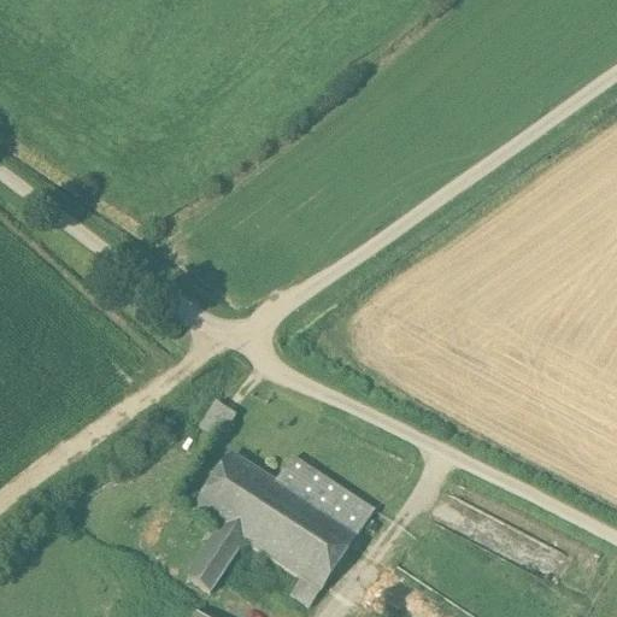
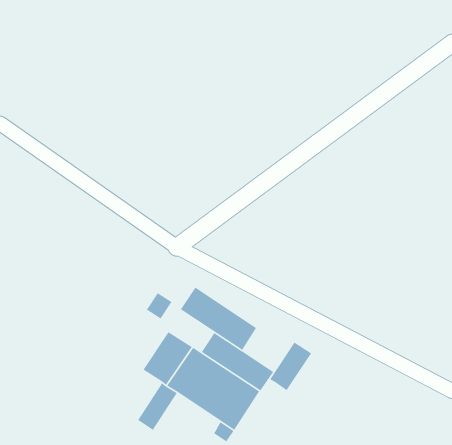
building: none -> [180,287,257,351]
building: none -> [269,342,312,391]

